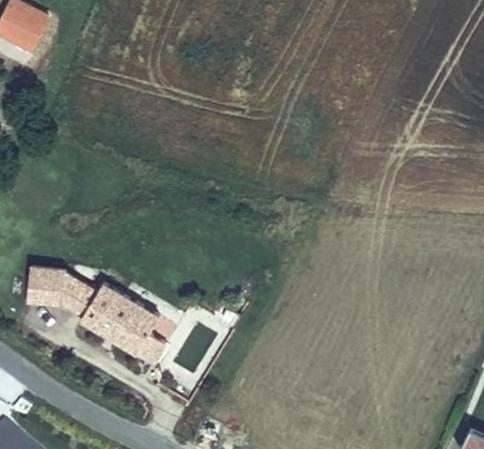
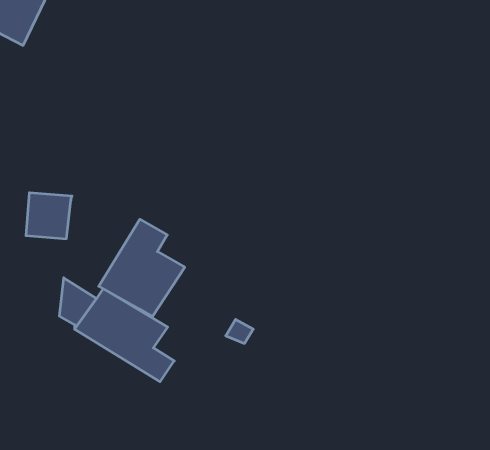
building: none -> [99,219,185,317]
building: [25,263,67,305] -> [26,193,72,239]

